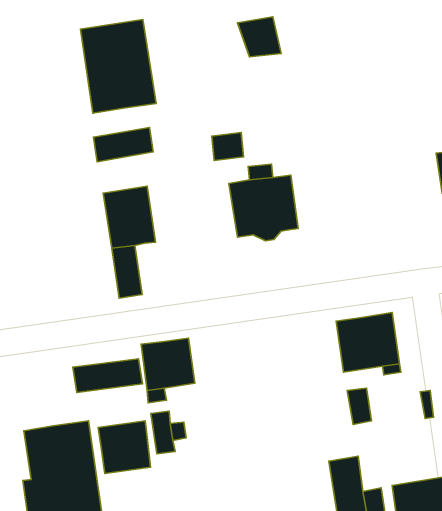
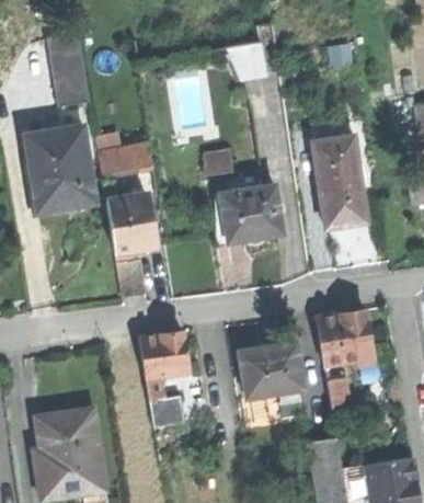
building: [81,19,156,113] -> [25,126,93,210]
building: none -> [314,135,366,226]
building: none -> [241,343,303,403]
building: [73,359,143,392] -> none
building: [98,421,151,474] -> none

